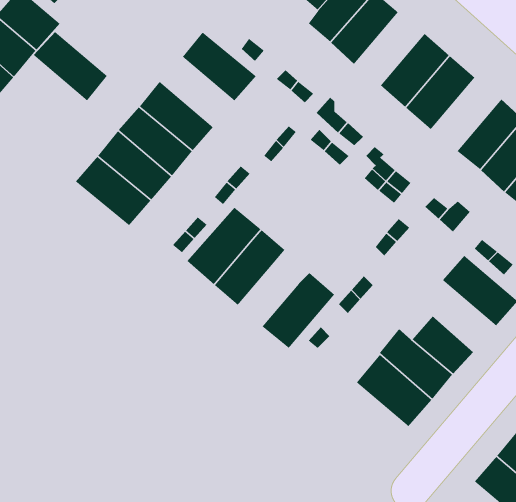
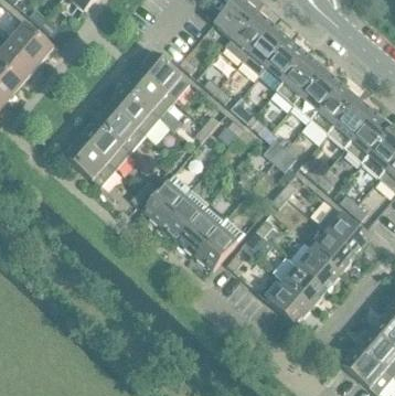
building: none -> [257,38,306,88]
building: [33,31,108,101] -> [122,68,174,117]
building: none -> [310,83,359,133]
building: none -> [177,202,226,255]
building: none -> [311,229,355,272]

